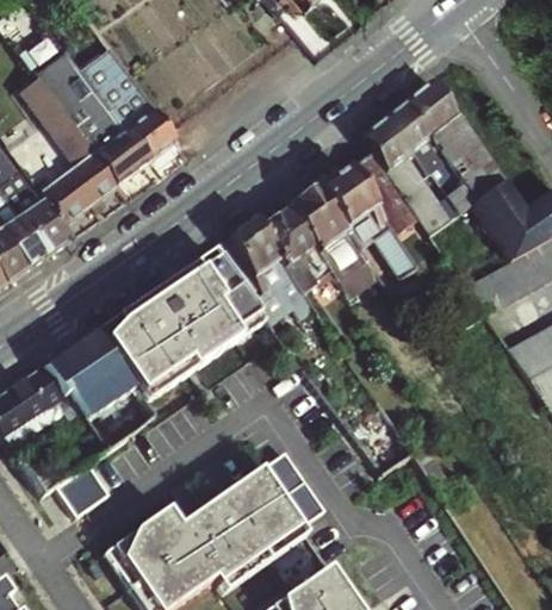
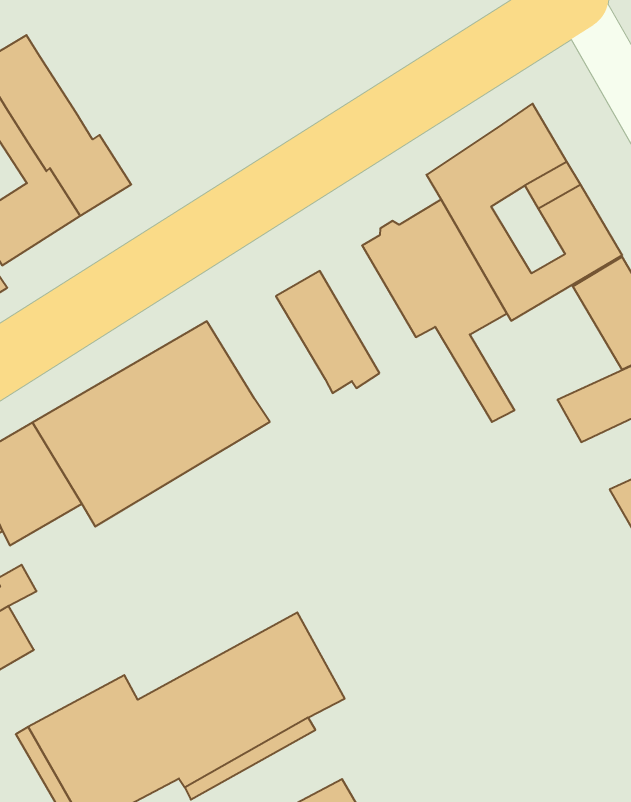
building: [81,49,176,157] -> none
building: [291,188,393,316] -> none
building: [213,218,306,323] -> none

